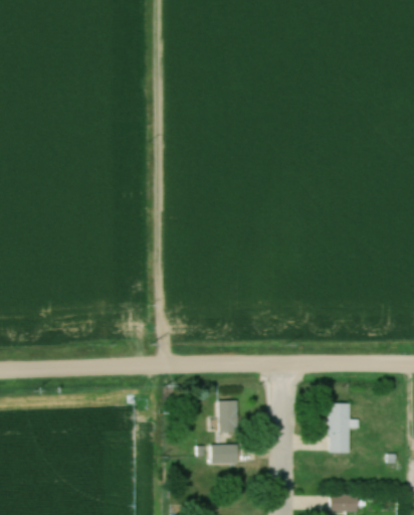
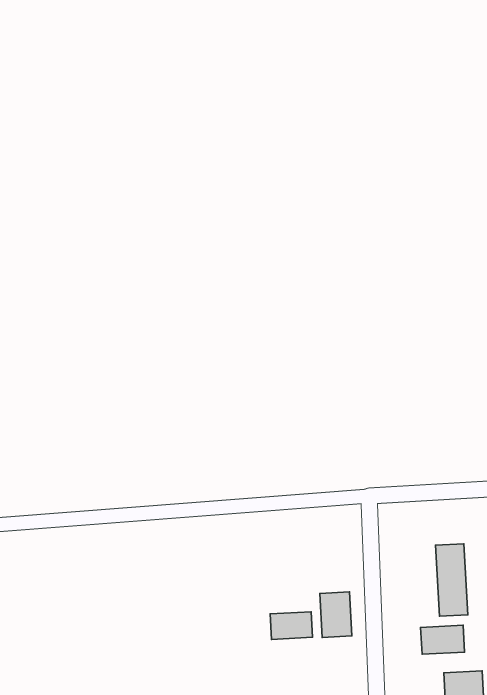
building: [217,401,238,433] -> [320,592,352,637]
building: none -> [421,625,465,654]

